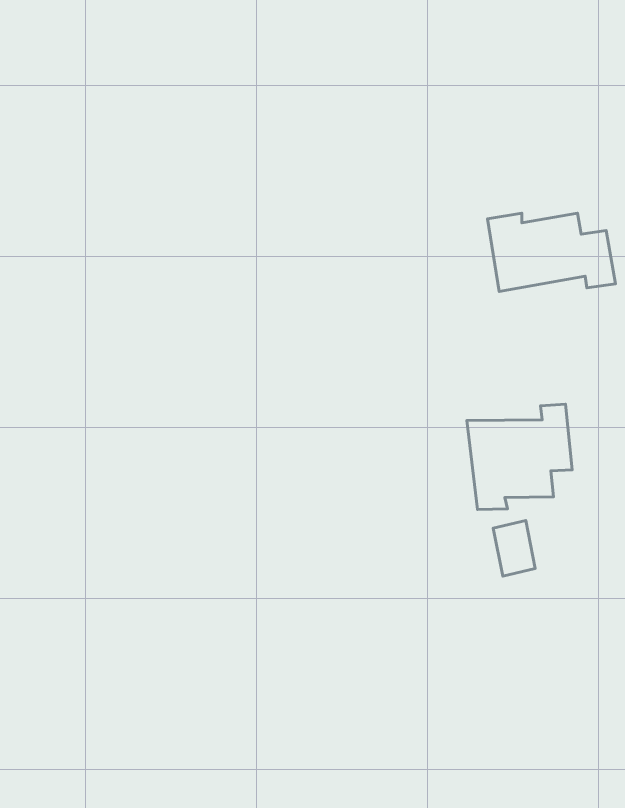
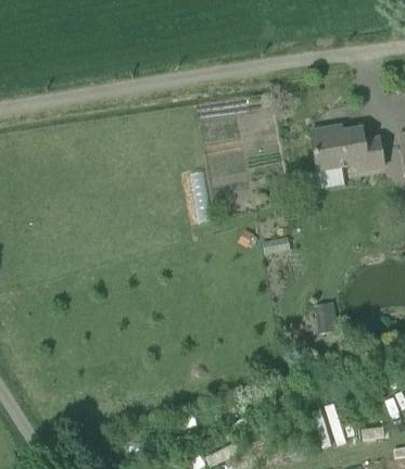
building: [467,404,572,510] -> none

